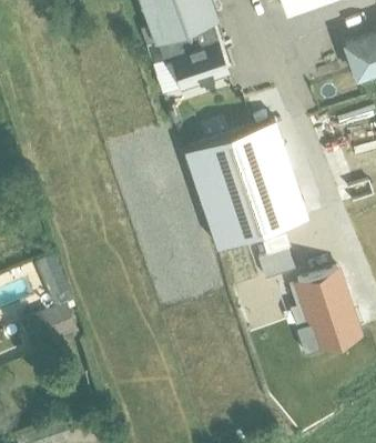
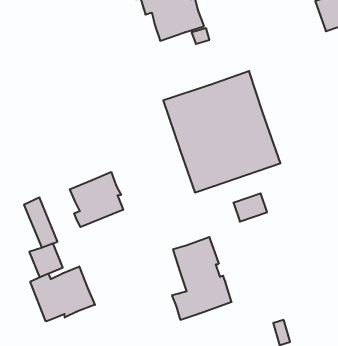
building: none -> [70,172,123,227]
building: [296,266,359,354] -> [172,237,232,320]
building: none -> [30,266,95,321]

